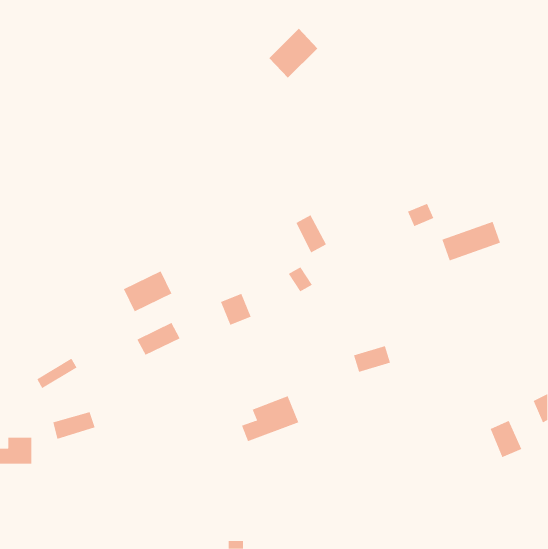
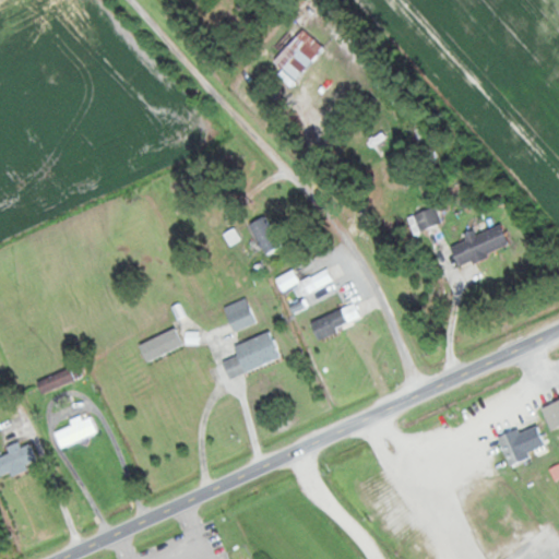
building: [296,214,327,253] -> [249,215,281,254]
building: [123,271,172,312] -> none
building: [353,346,391,372] -> [310,310,348,337]
building: [241,395,299,442] -> [222,331,281,378]

